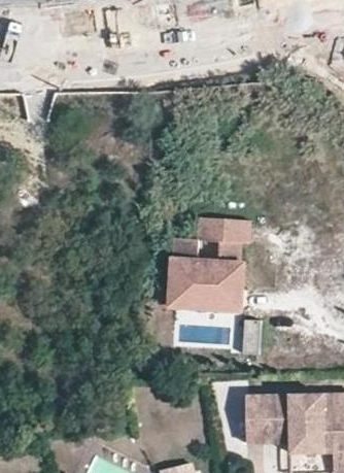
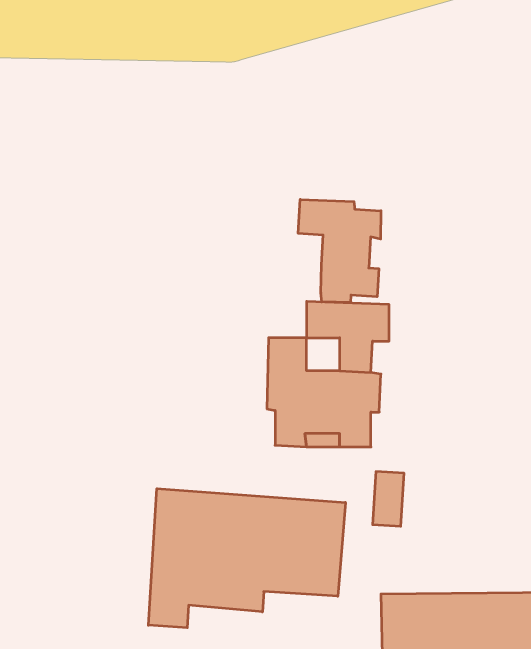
building: none -> [298,199,381,302]
building: none -> [148,489,345,628]

